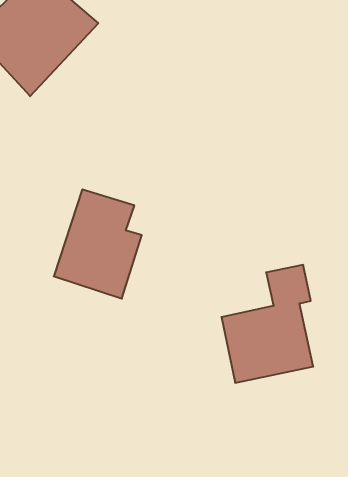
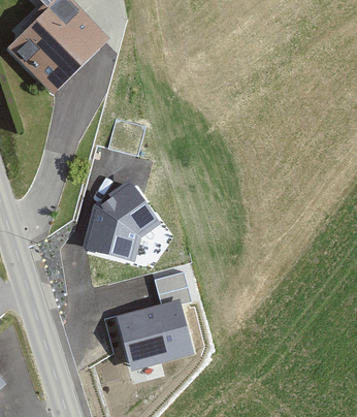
building: [221,265,313,383] -> [116,270,192,368]

